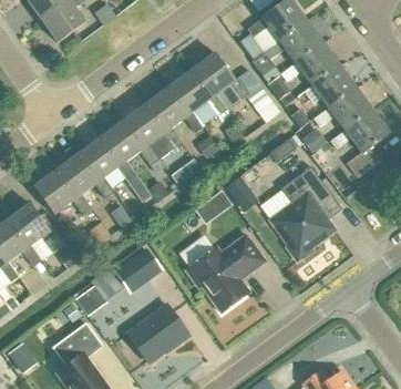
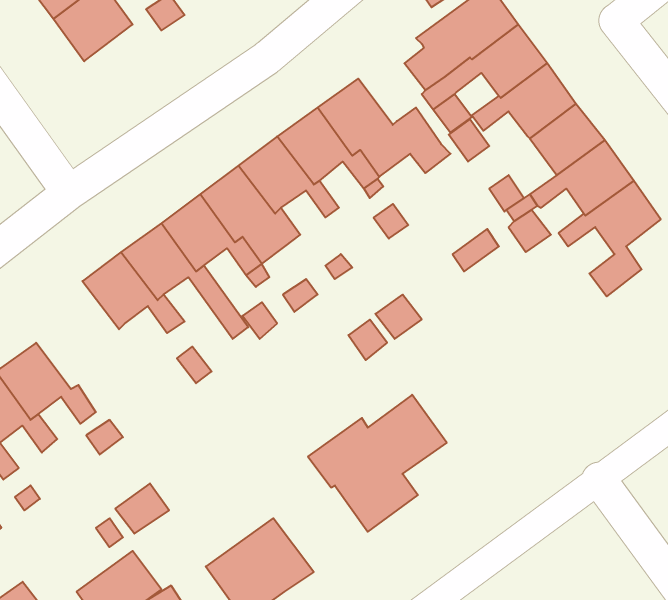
building: [270,166,335,260] -> none
building: [33,168,92,215] -> none
building: [114,246,163,293] -> none

